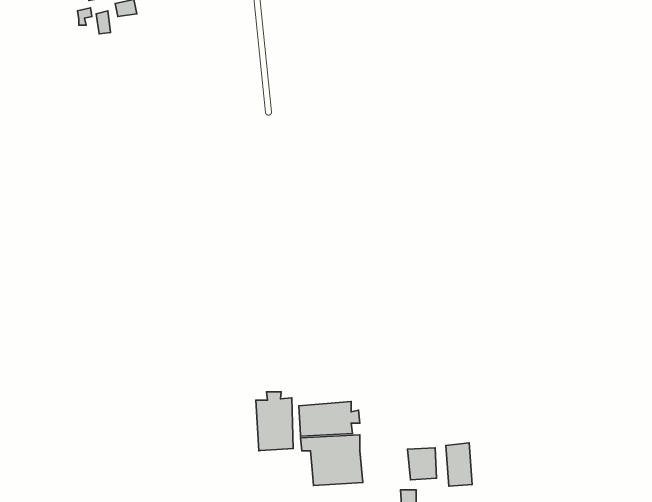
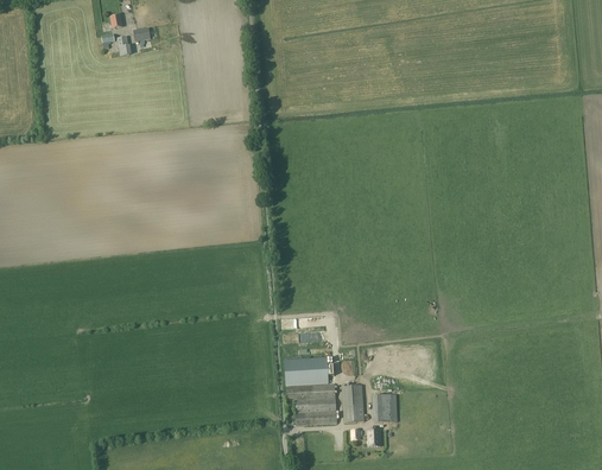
building: [256,392,293,451] -> none
building: [446,443,472,486] -> [342,385,363,420]

